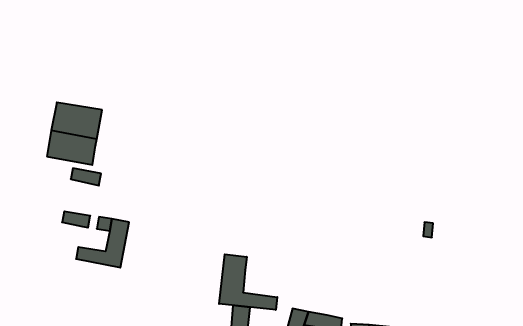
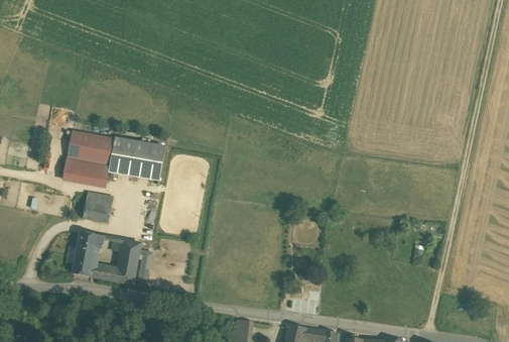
building: none -> [109,136,166,180]
building: none -> [83,202,112,223]
building: none -> [72,242,97,276]
building: [219,254,277,310] -> none

